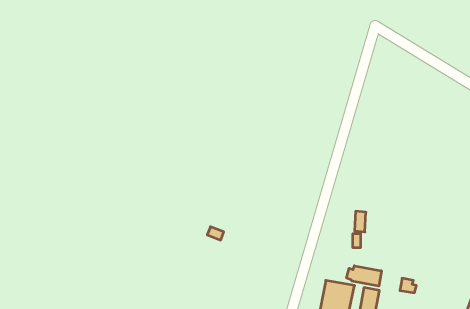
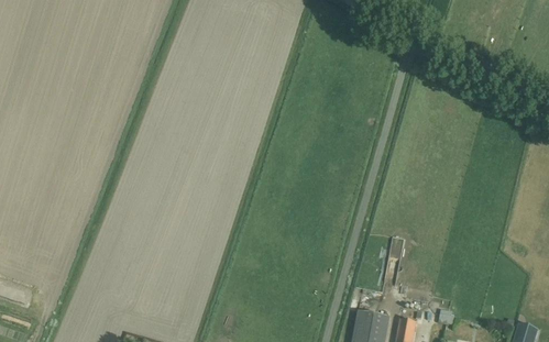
building: [347,266,381,286] -> none

